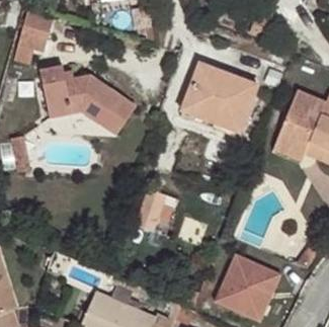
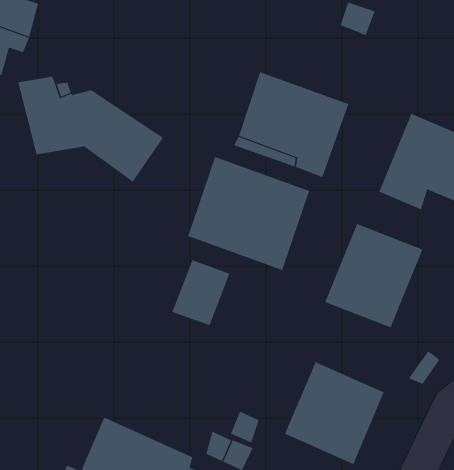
building: none -> [187,156,310,271]
building: none -> [324,223,423,328]

